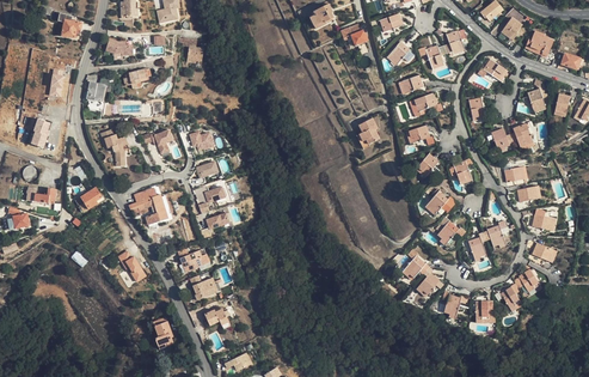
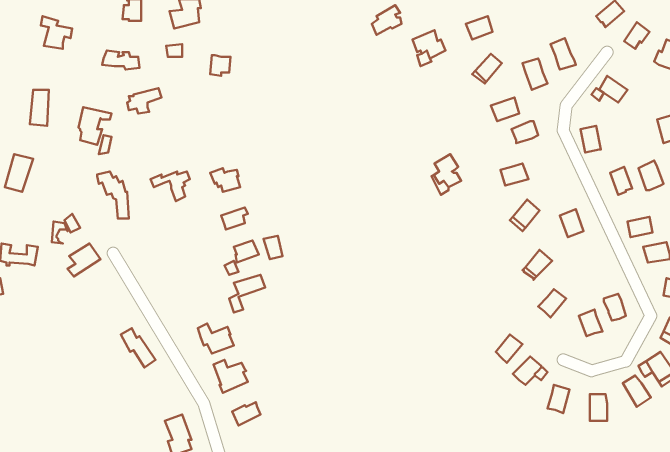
building: [129,188,168,225] -> none

